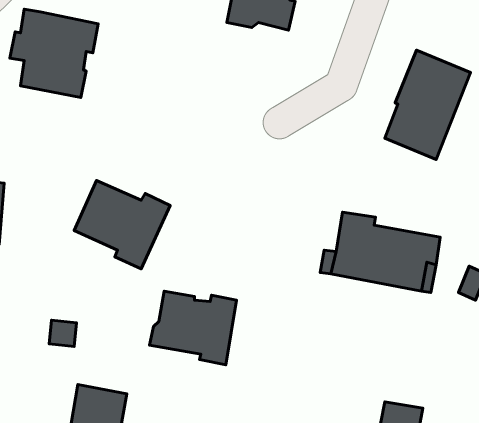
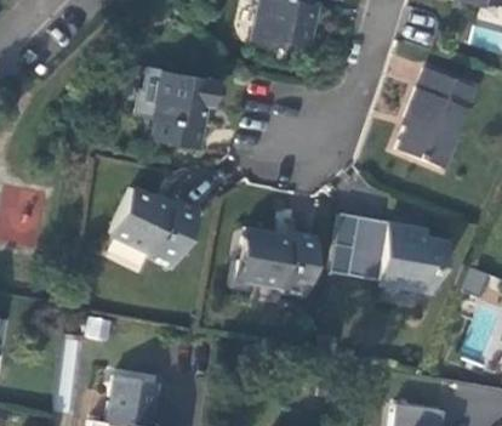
building: [10,9,98,98] -> [135,67,216,148]
building: [150,291,236,365] -> [238,228,318,296]

